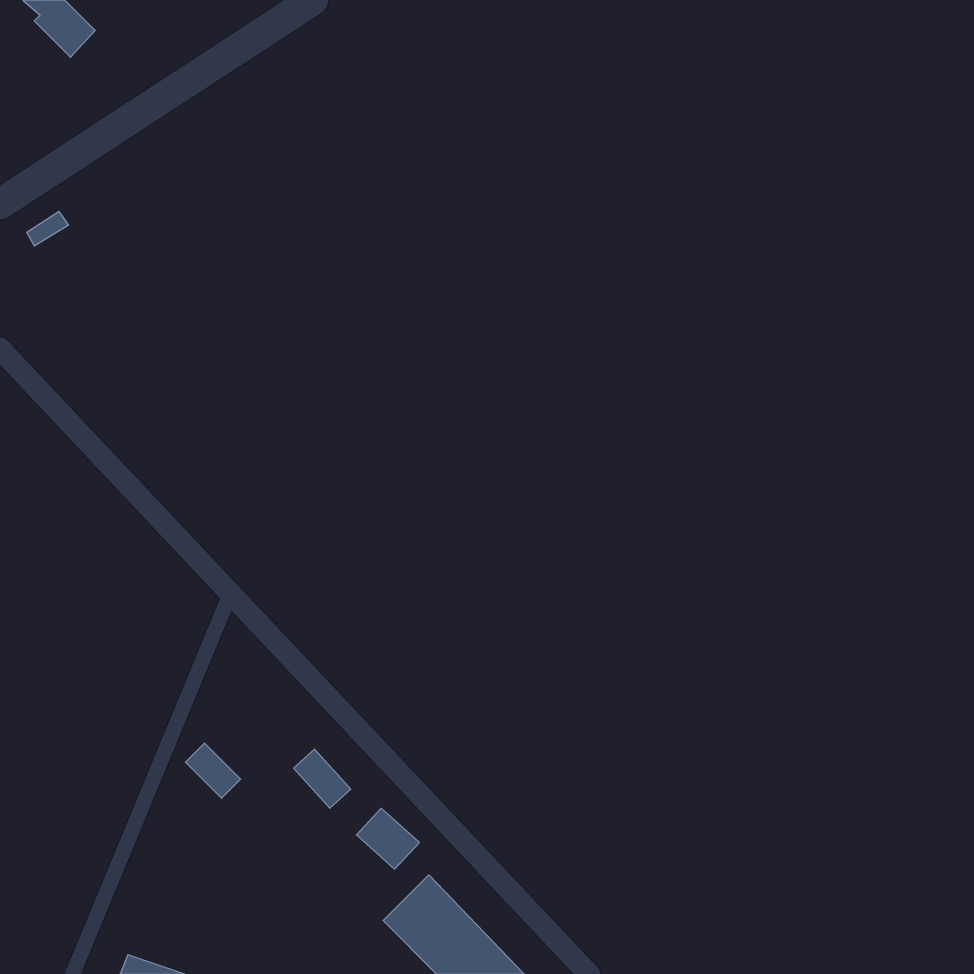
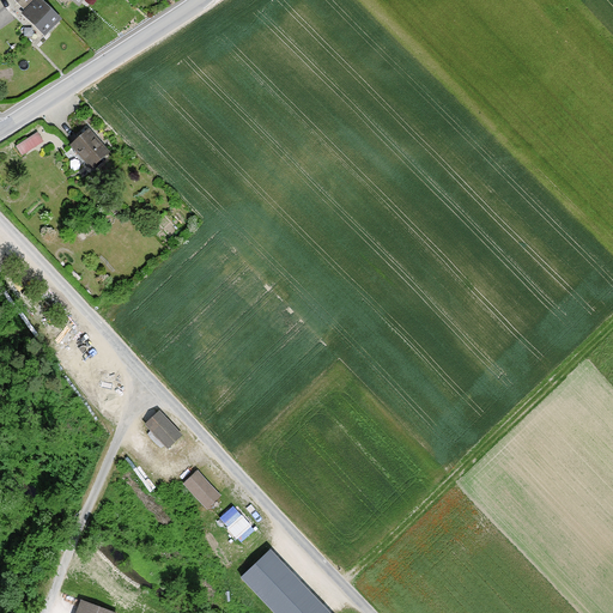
building: none -> [69,129,109,169]
building: [185,743,241,798] -> [146,412,181,447]

